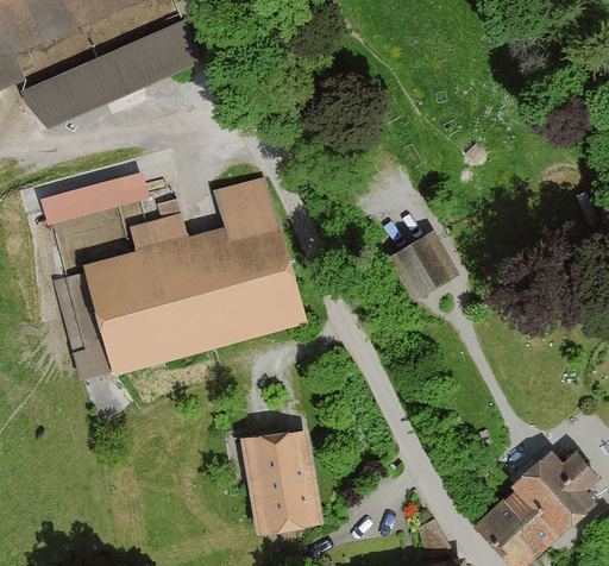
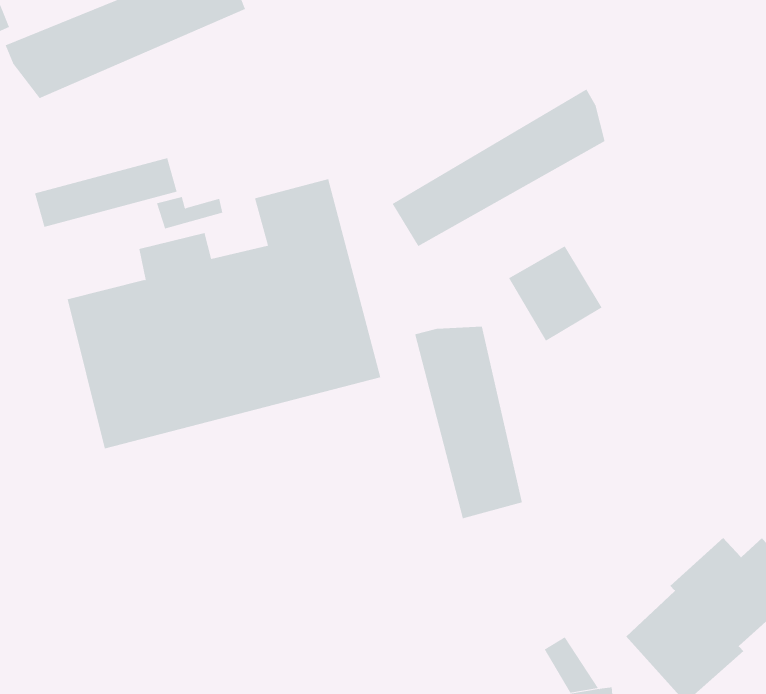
building: none -> [392,89,605,247]
building: none -> [414,326,523,519]
building: [233,432,315,536] -> none

